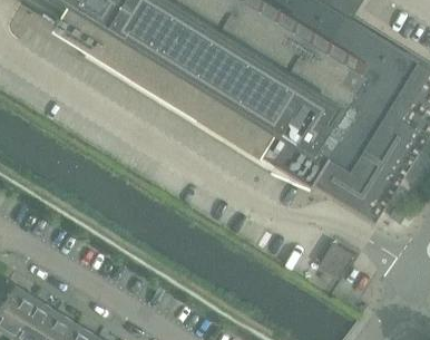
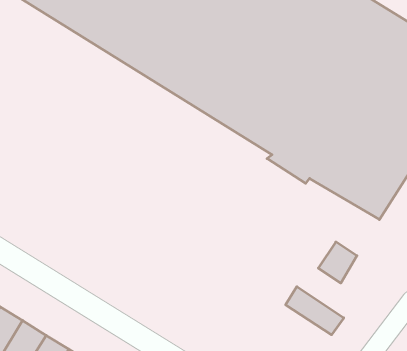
building: none -> [286,287,344,335]

